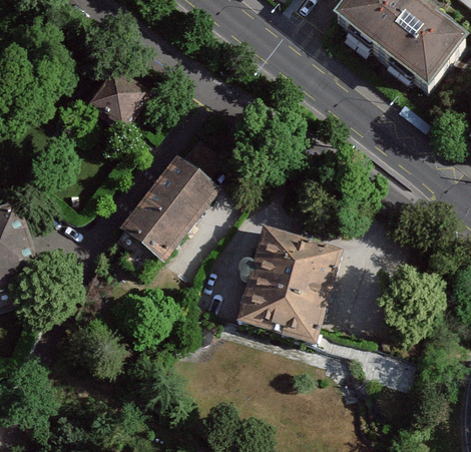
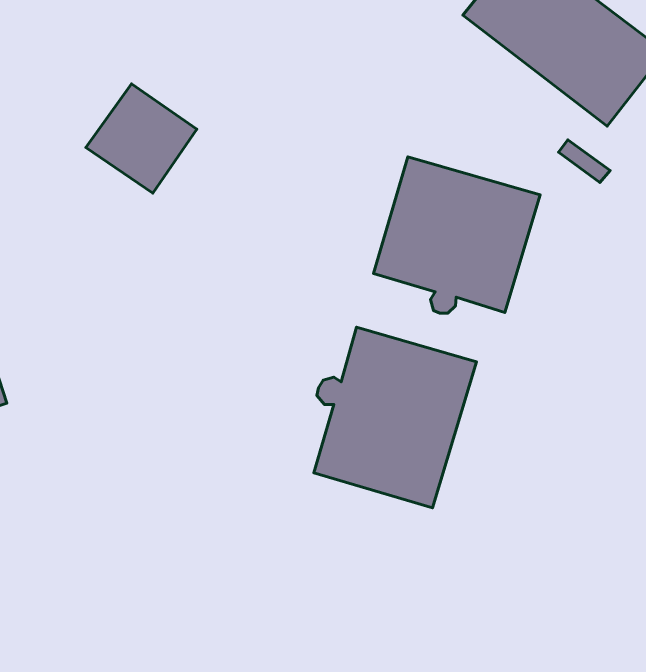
building: none -> [374,157,540,313]
building: [122,134,224,255] -> none

